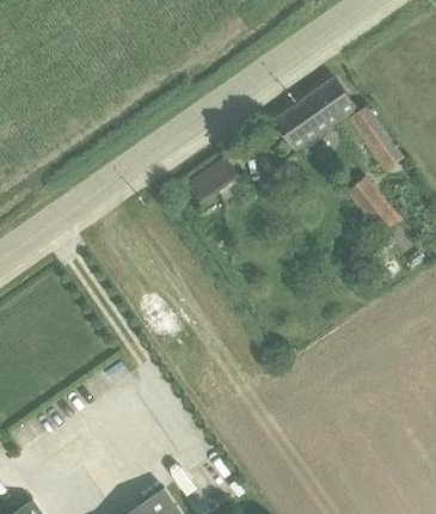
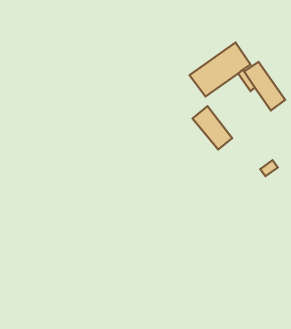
building: [189,158,237,200] -> none
building: [345,177,399,235] -> [192,106,232,150]

